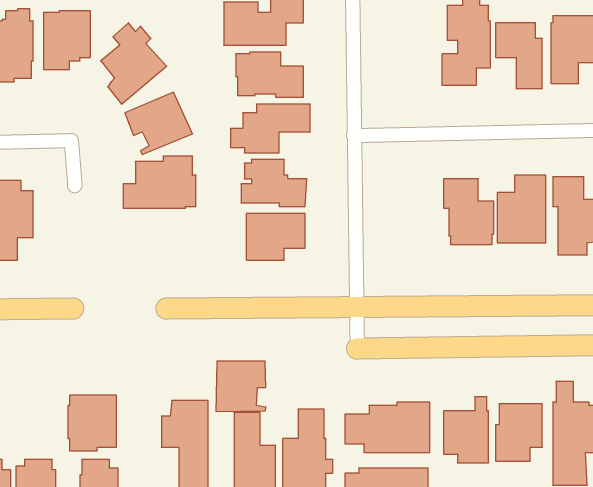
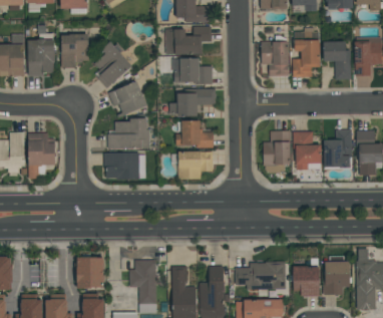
building: none -> [262,35,289,76]
building: none -> [264,130,291,173]
building: none -> [104,152,145,180]
building: [216,361,266,412] -> none

